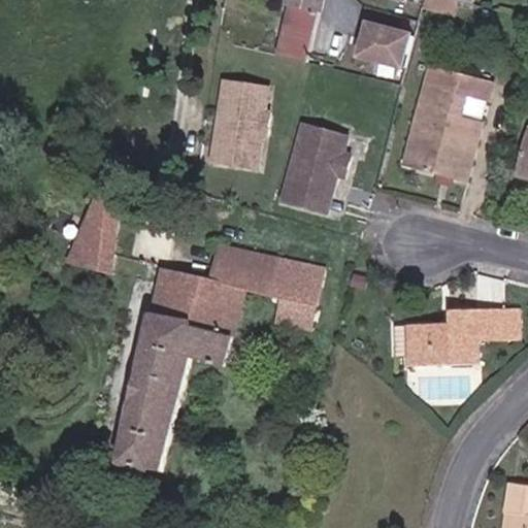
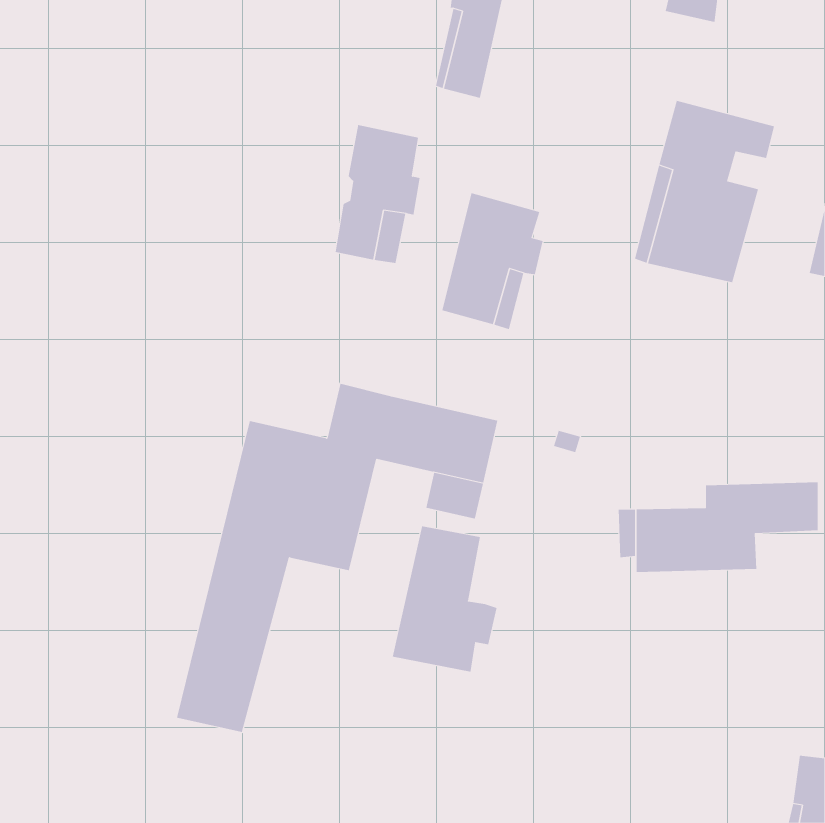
building: [356,25,405,66] -> none
building: [66,174,119,268] -> none
building: none -> [392,525,497,672]

